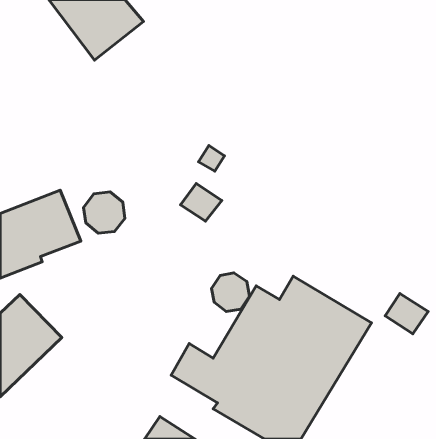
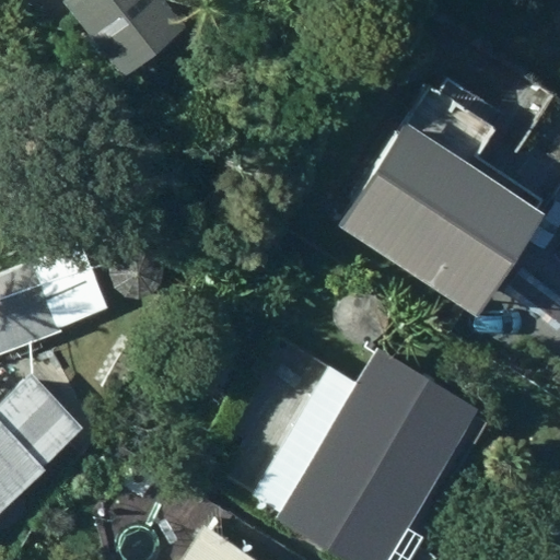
building: none -> [338,122,544,317]

